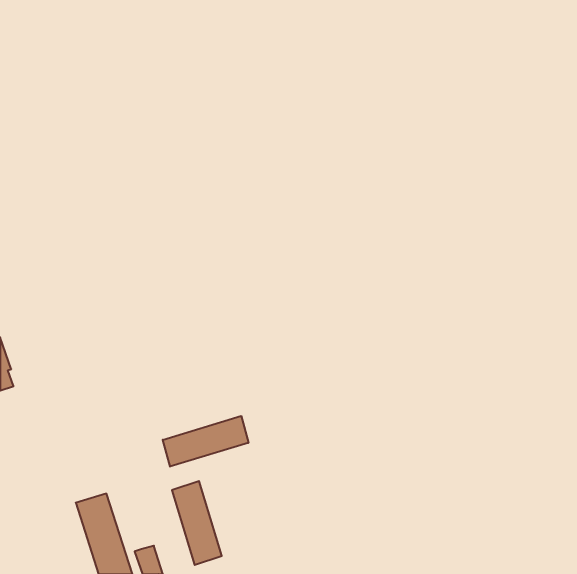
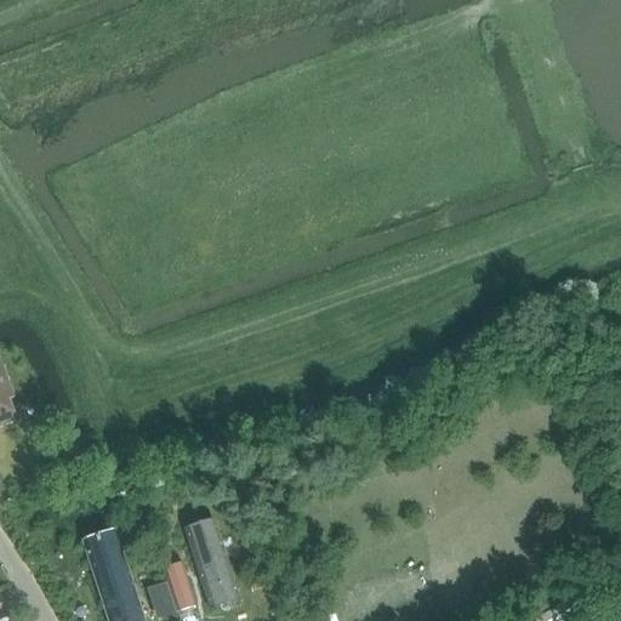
building: [163,416,248,467] -> none
building: none -> [163,560,195,609]

